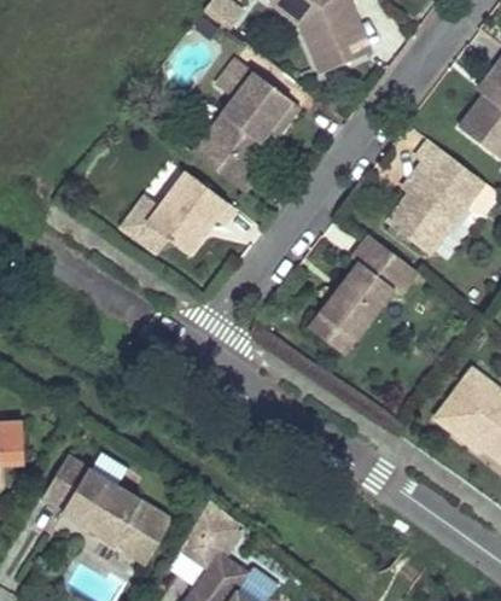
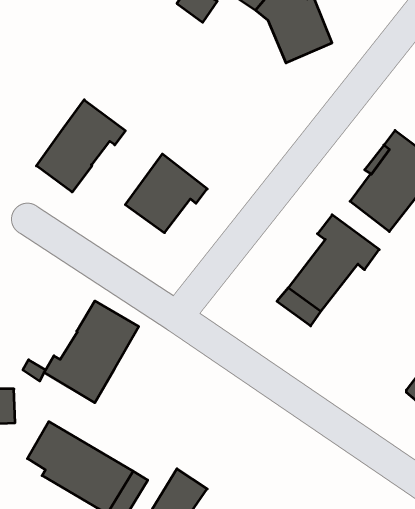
building: [192,57,299,189] -> none
building: none -> [36,100,125,192]
building: none -> [44,301,139,403]

